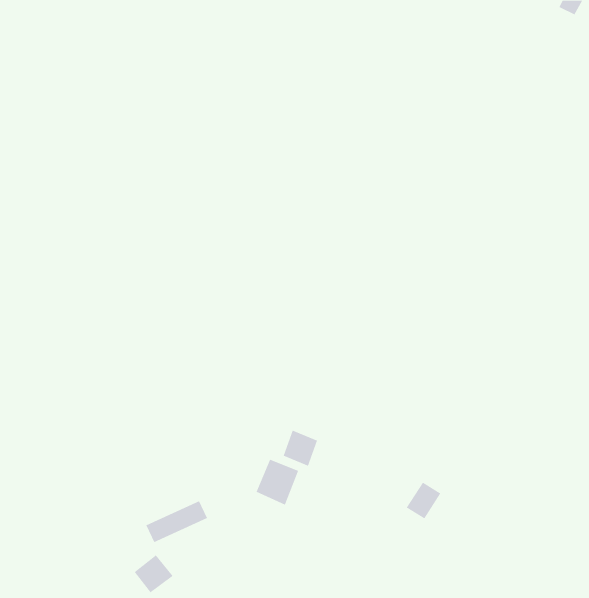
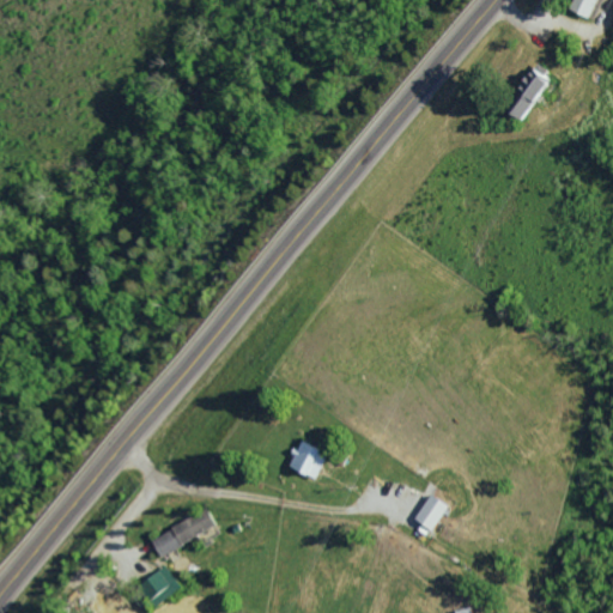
building: none -> [505,66,550,115]
building: [256,459,299,505] -> none

